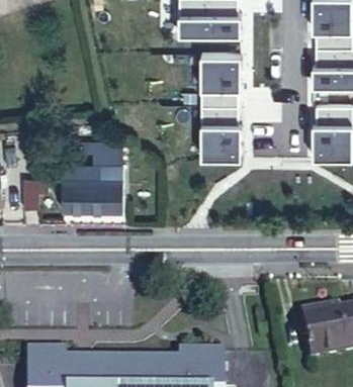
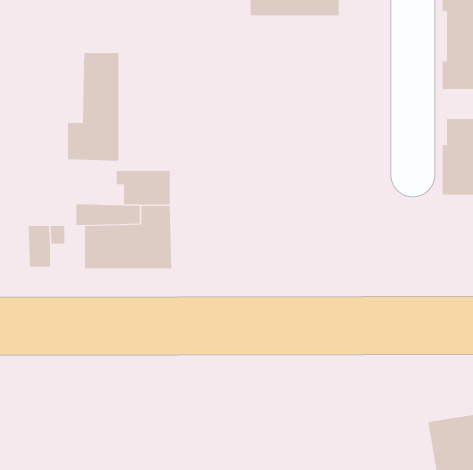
building: [200,53,242,158] -> none
building: none -> [68,52,119,161]

